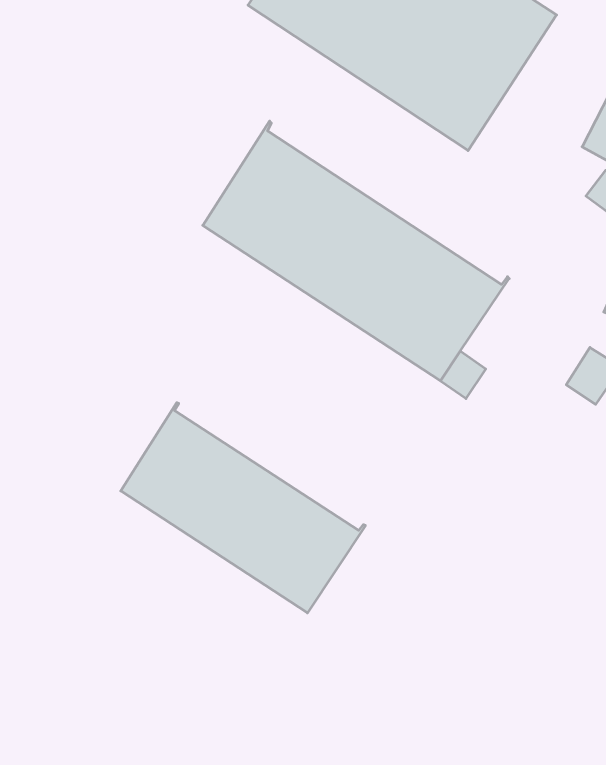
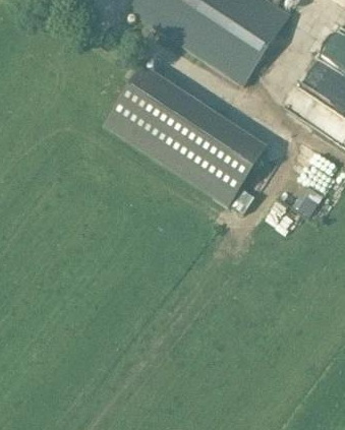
building: [121,403,365,613] -> none

